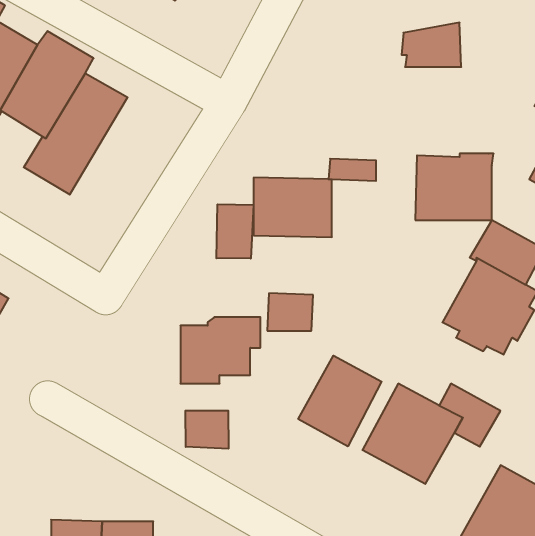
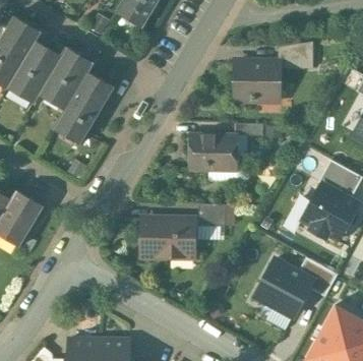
building: [415,154,494,220] -> [234,61,281,101]
building: [216,204,254,259] -> none
building: [298,356,382,446] -> none
building: [185,411,228,449] -> none

